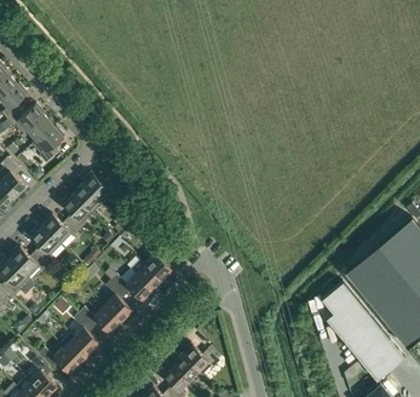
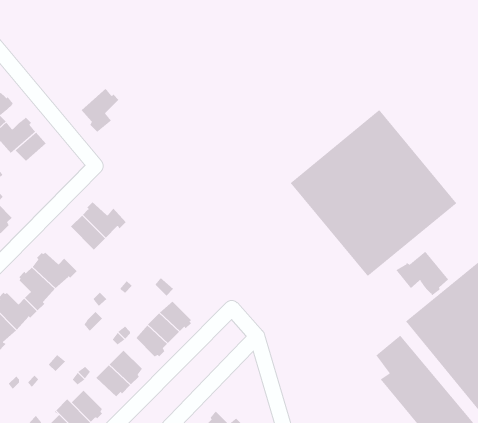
building: none -> [290,109,457,277]
building: [33,127,64,163] -> [81,88,119,132]
building: [62,195,92,231] -> none
building: none -> [396,251,449,296]

